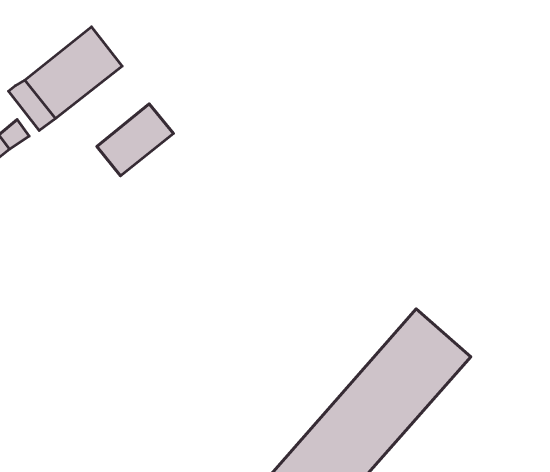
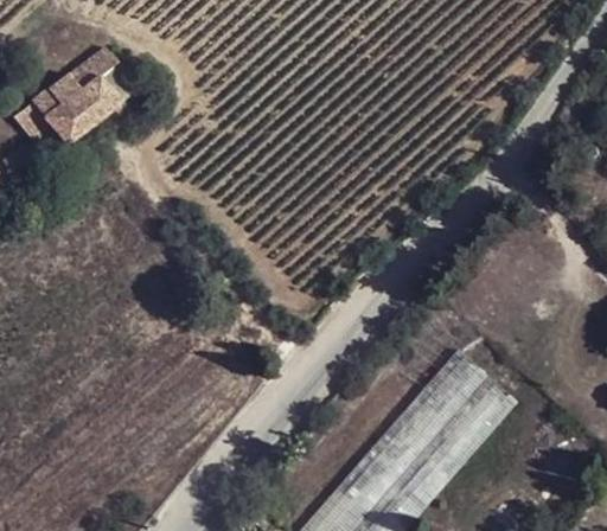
building: [97,104,174,176] -> none

